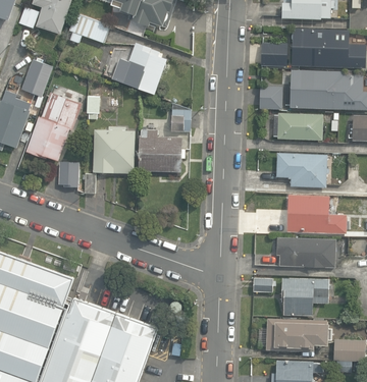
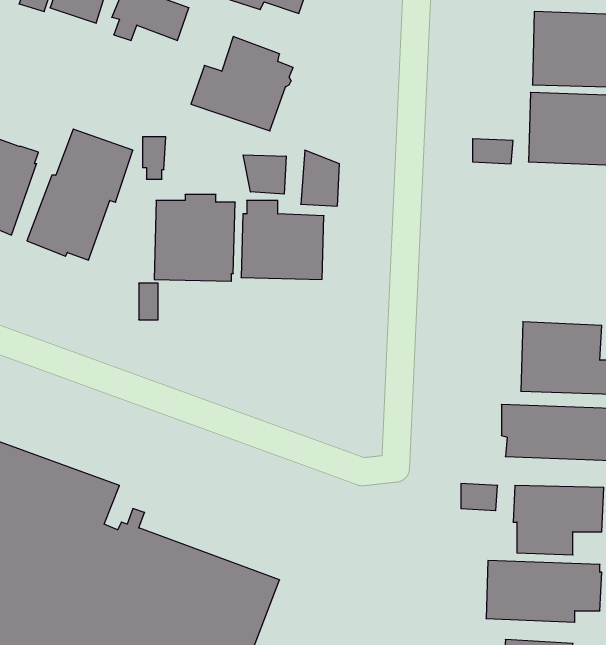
building: [262,42,287,63] -> none
building: [21,58,53,95] -> none
building: none -> [243,155,286,194]
building: [275,112,322,139] -> none
building: [275,151,327,185] -> none
building: [59,161,78,182] -> none

